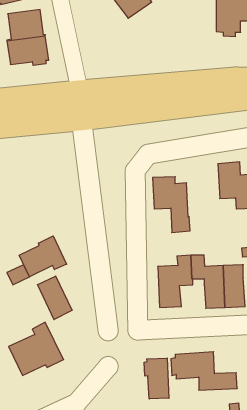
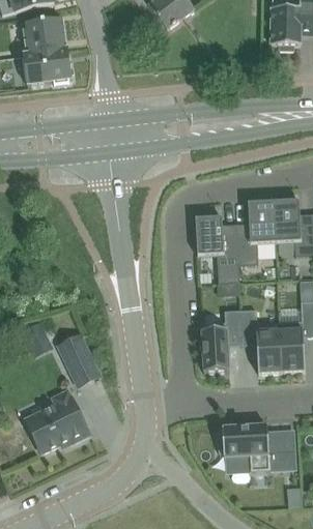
building: none -> [235,201,275,264]
building: [19,236,67,277] -> none
building: [144,358,169,399] -> none

